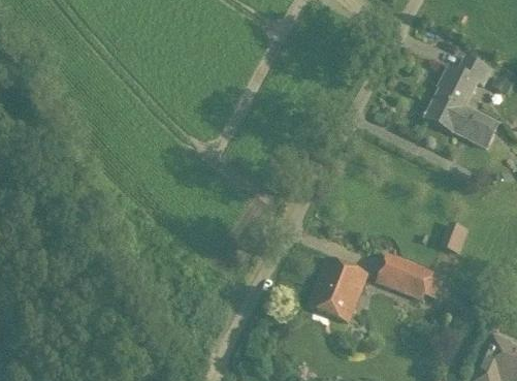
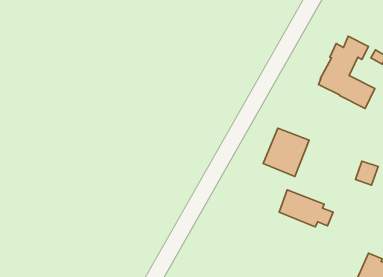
building: [440,222,468,253] -> [356,161,378,185]
building: [308,258,366,320] -> [263,128,309,176]

